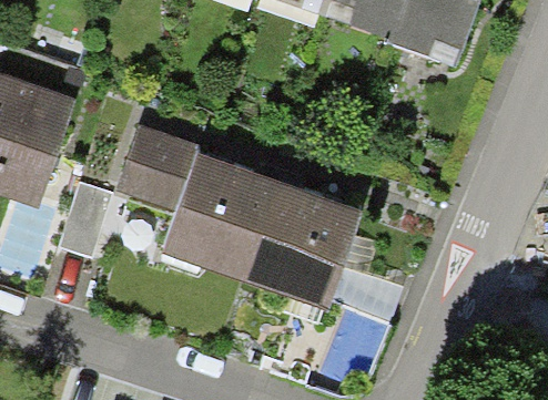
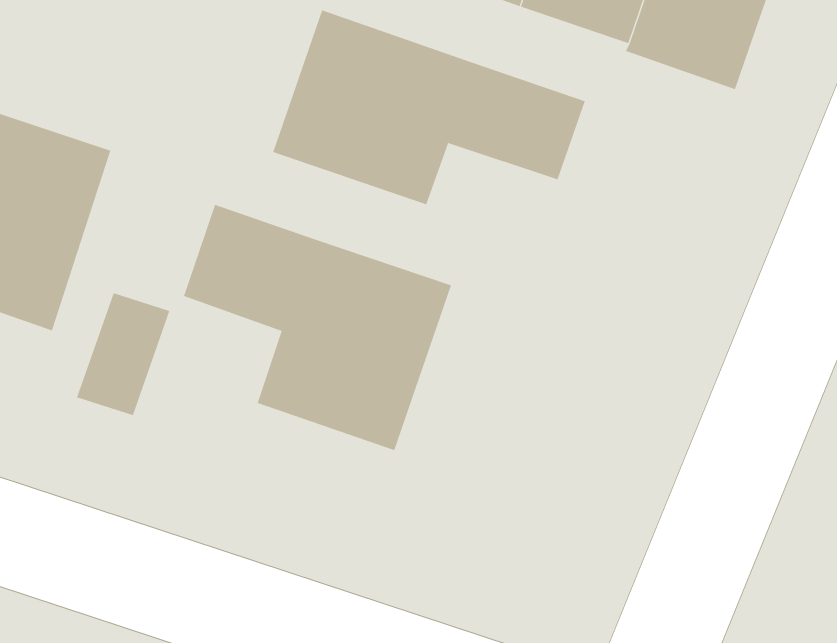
building: none -> [273,9,586,205]
building: [245,178,363,306] -> none

